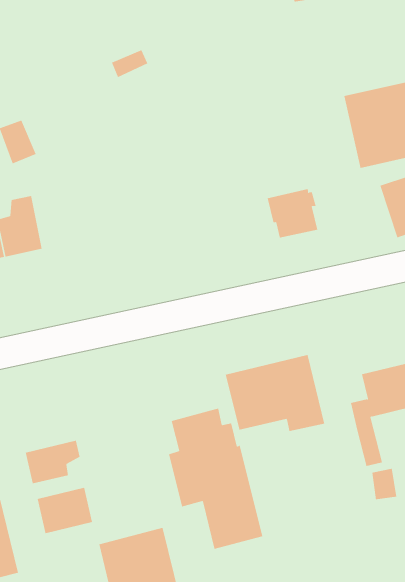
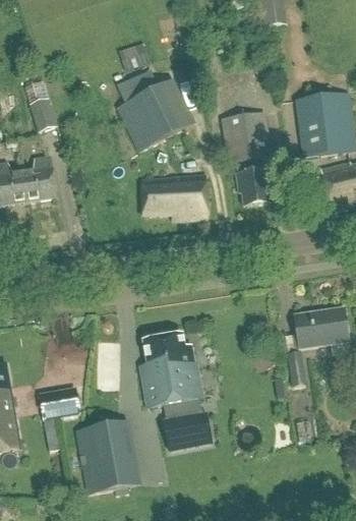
building: none -> [114,69,194,152]
building: none -> [219,111,271,164]
building: none -> [140,175,205,220]
building: [225,354,325,432] -> none
building: [25,440,80,484] -> none

